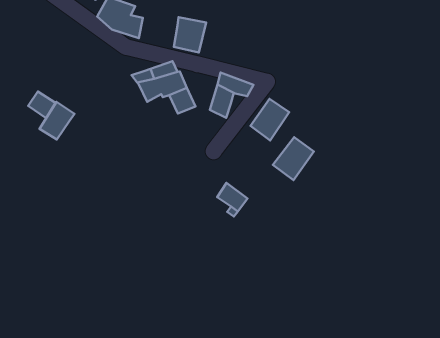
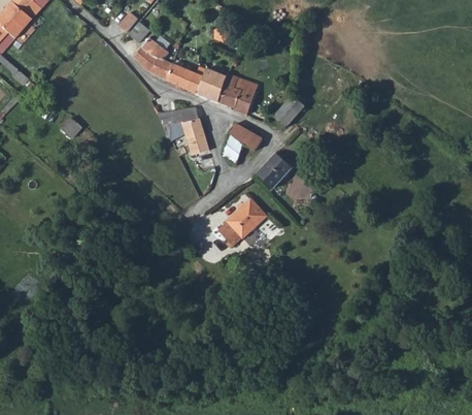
building: none -> [168,63,204,93]
building: none -> [220,73,257,113]
building: none -> [274,96,304,126]
building: [40,102,75,139] -> none
building: [273,137,314,180] -> [227,199,265,237]

